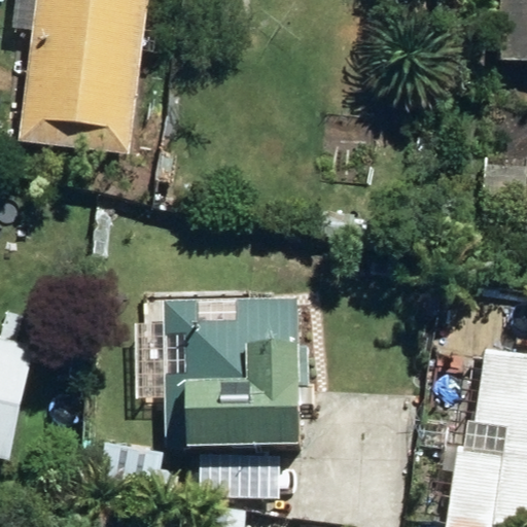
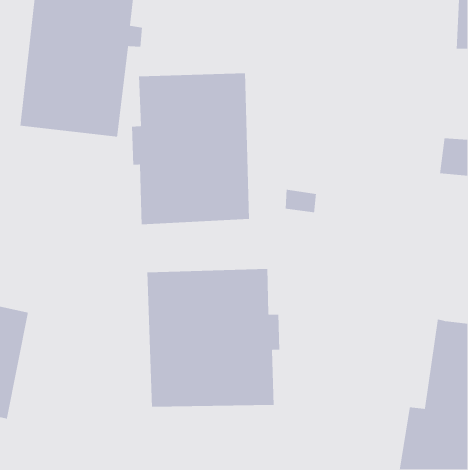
building: none -> [131,72,250,225]

